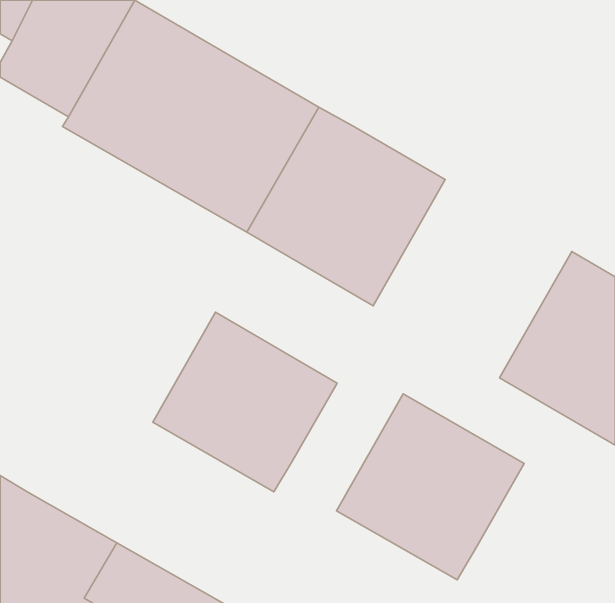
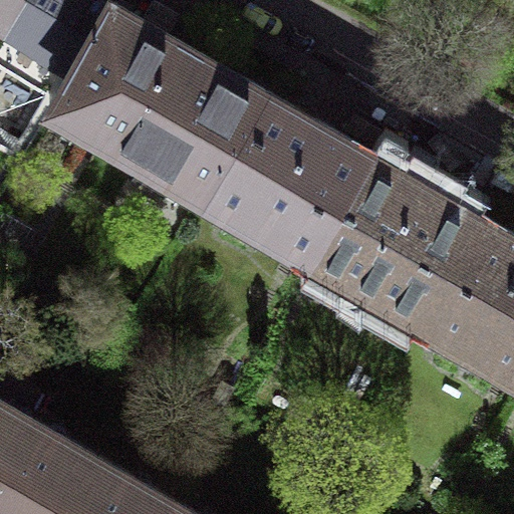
building: none -> [311,160,477,325]
building: [153,312,337,492] -> none
building: [337,394,524,580] -> none

